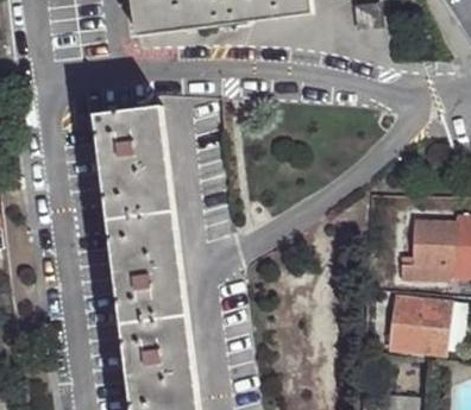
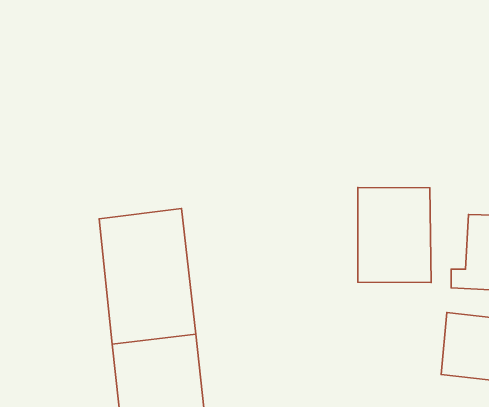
building: [94,106,174,220] -> none
building: none -> [358,187,431,283]

